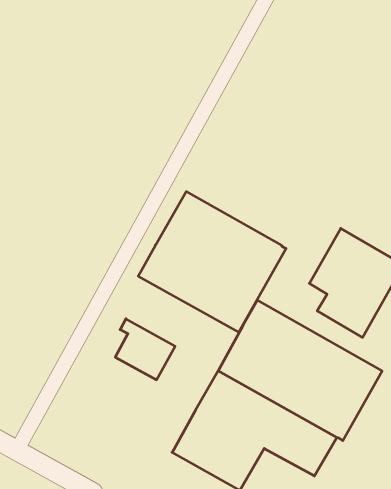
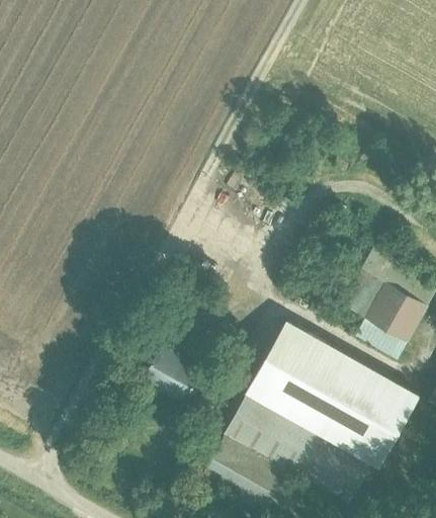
building: [138,192,286,332] -> none

